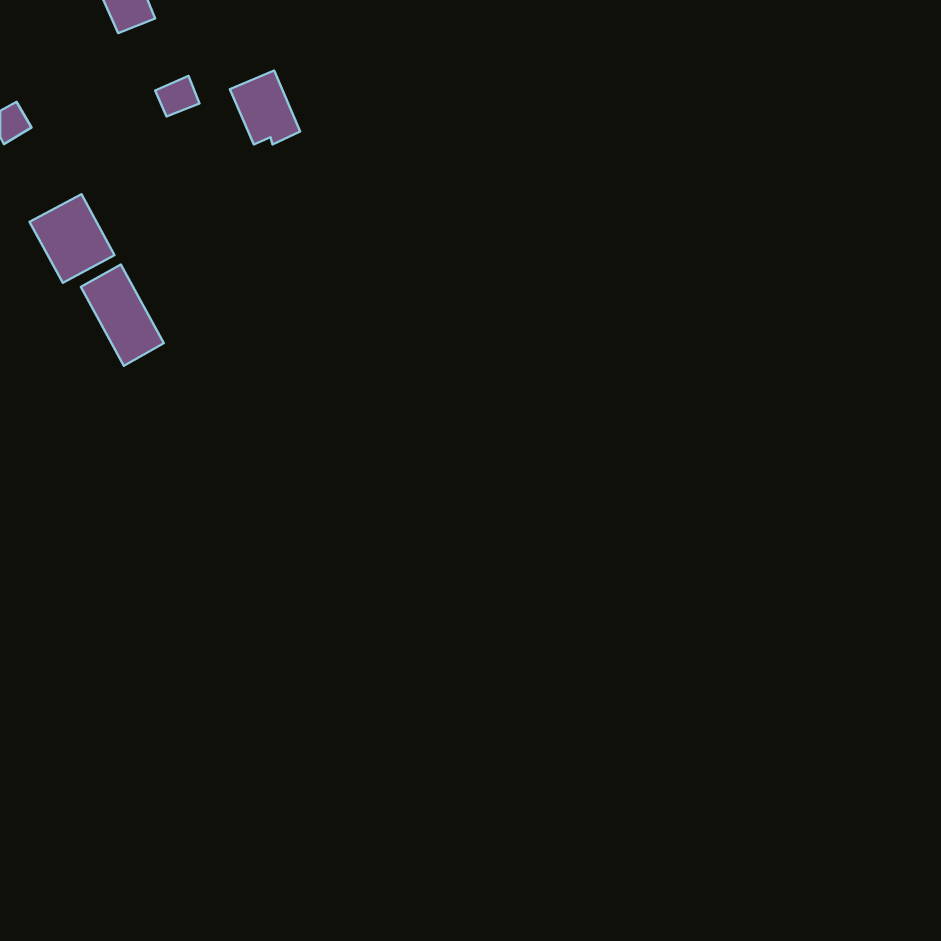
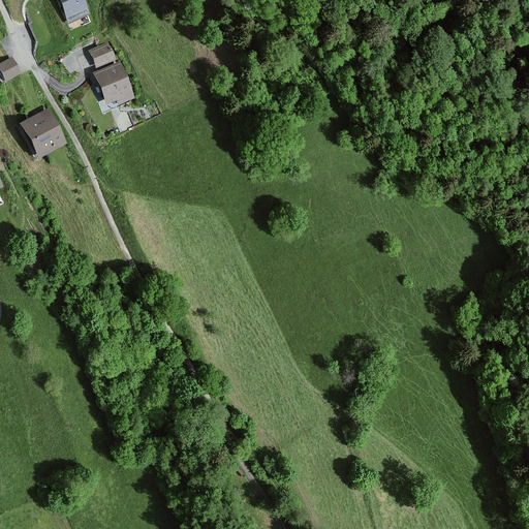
building: [230,71,300,144] -> [94,62,133,103]
building: [81,264,164,366] -> none

